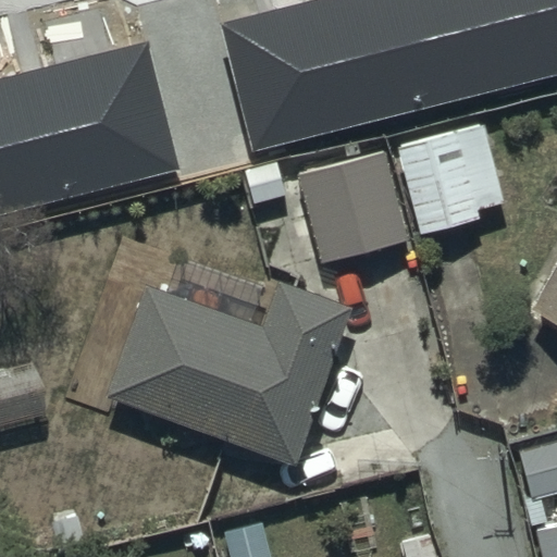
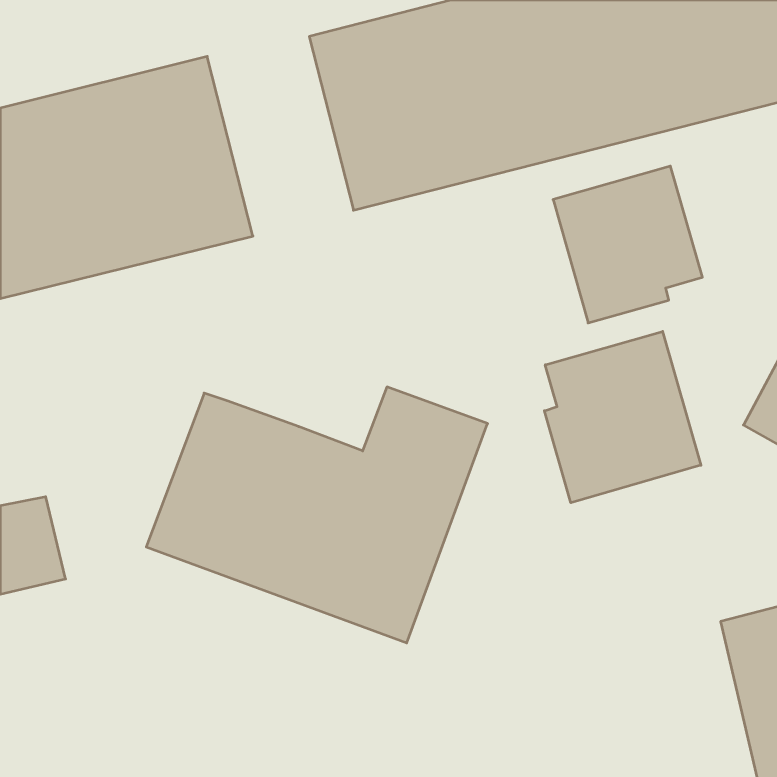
building: [297,147,409,260] -> none
building: none -> [544,331,701,503]

